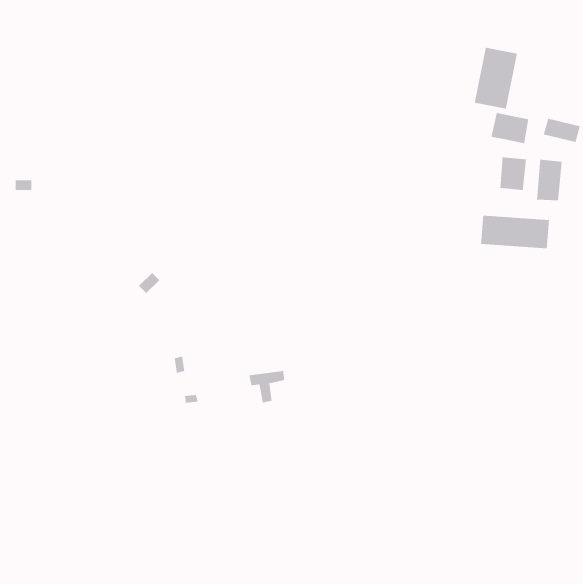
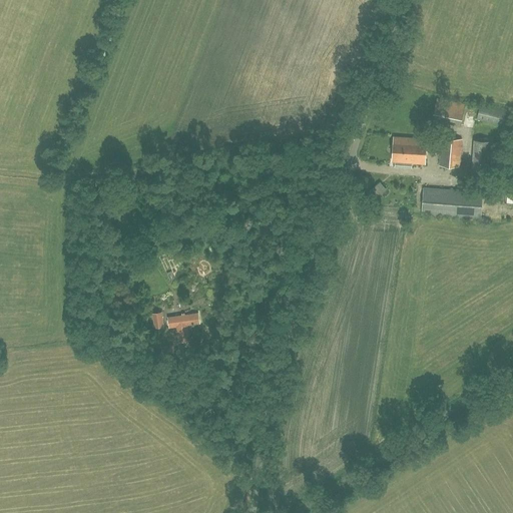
building: [474,47,518,109] -> none
building: none -> [391,136,425,164]
building: [248,370,285,403] -> [166,313,198,342]

